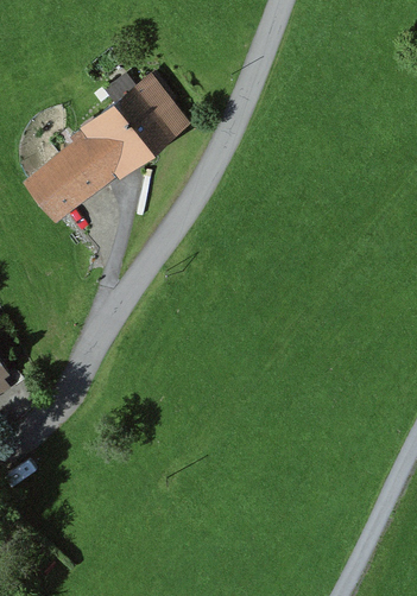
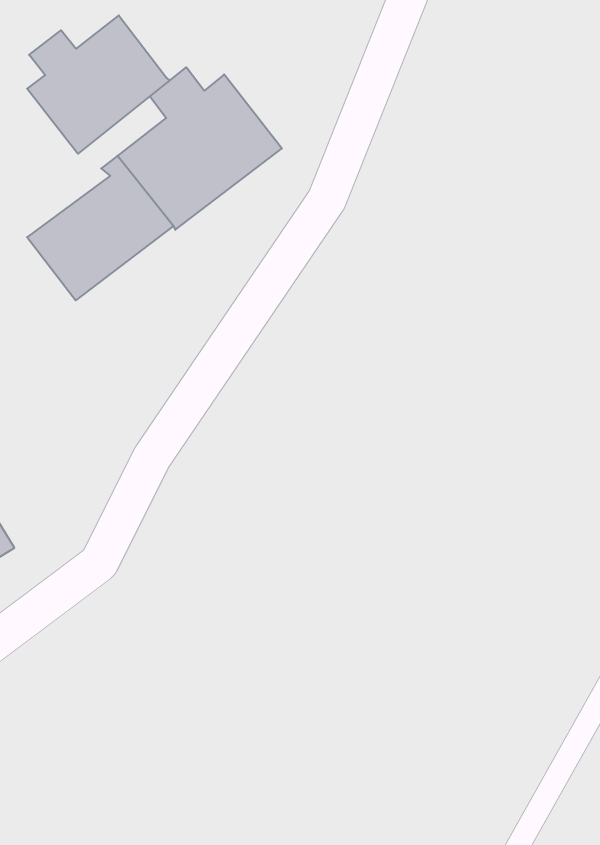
building: none -> [27,15,170,154]

